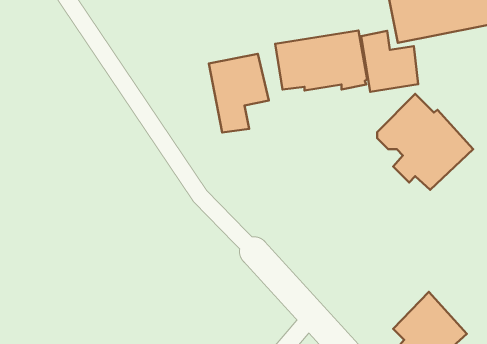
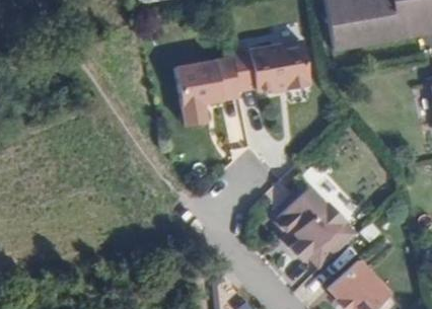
building: [361,31,418,92] -> none
building: [377,94,473,190] -> [277,187,356,266]

